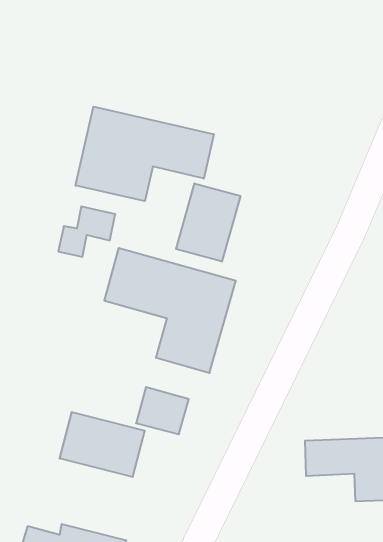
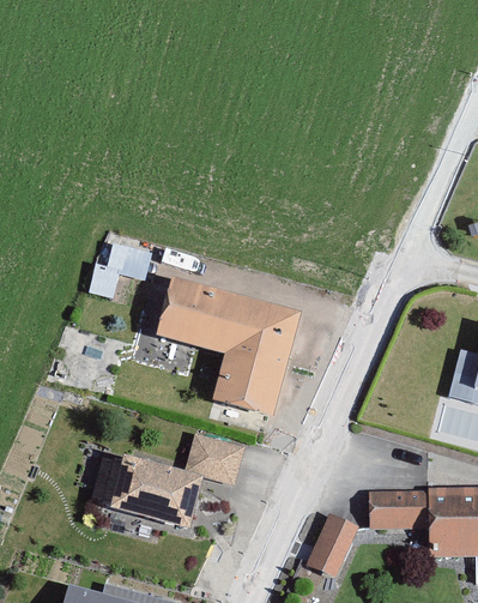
building: [76,107,214,201] -> none
building: [176,183,240,262] -> none
building: none -> [311,512,359,573]

